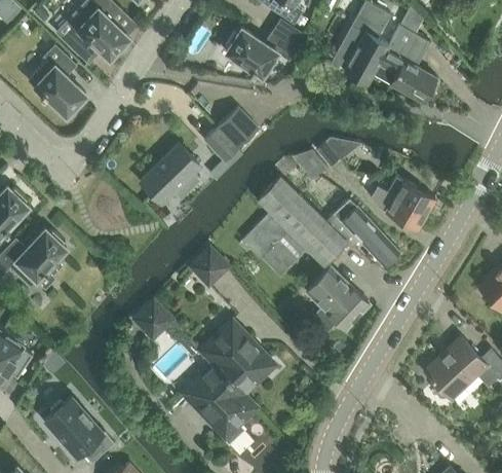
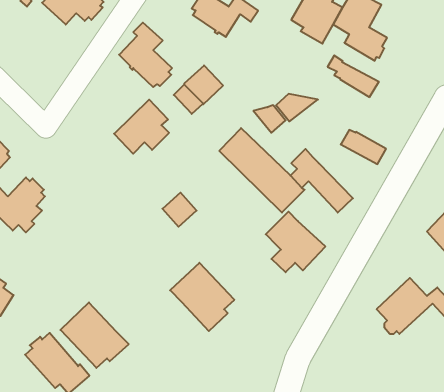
building: [29,46,86,116] -> [119,23,172,87]
building: [371,186,426,231] -> [328,55,379,97]
building: [239,215,302,277] -> none
building: [136,297,173,334] -> none
building: [183,364,257,435] -> [60,302,129,368]

